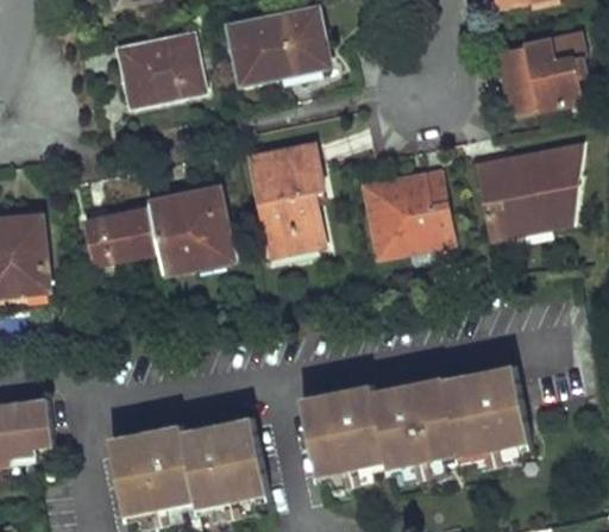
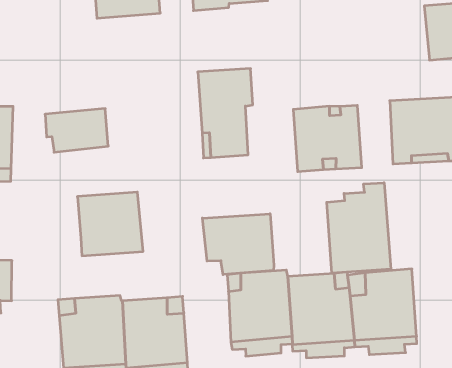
building: [146,193,230,274] -> [77,192,143,256]
building: none -> [327,183,391,273]
building: none -> [202,214,274,275]

